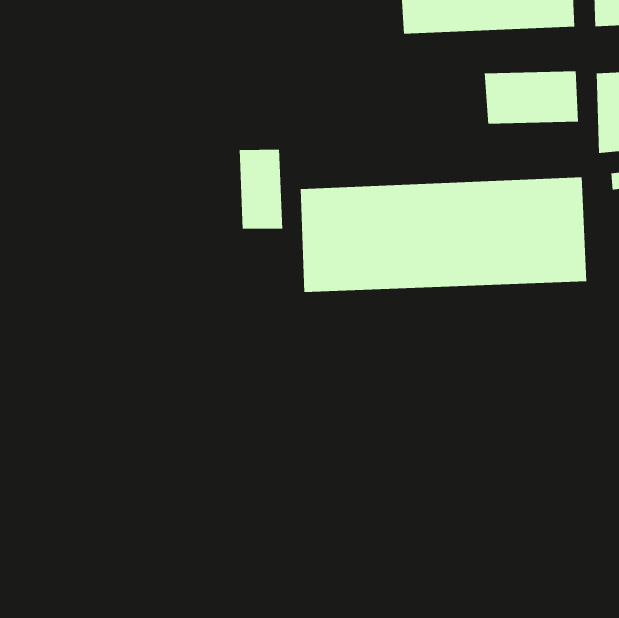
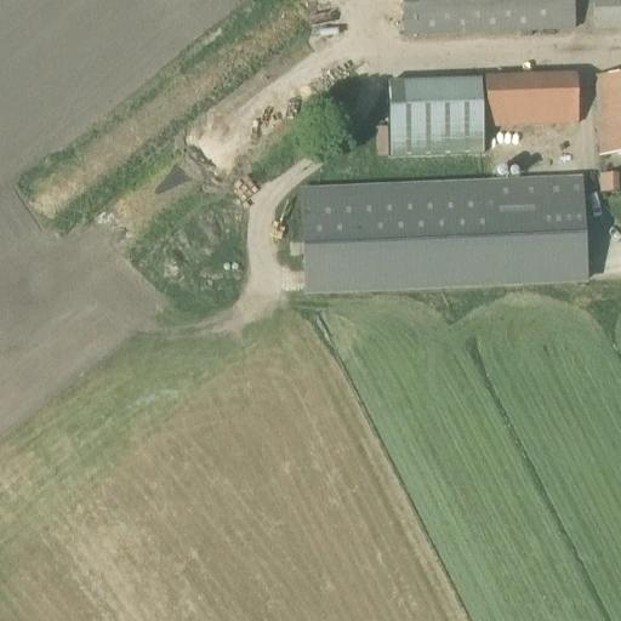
building: none -> [388,73,485,150]
building: [239,149,283,230] -> none

